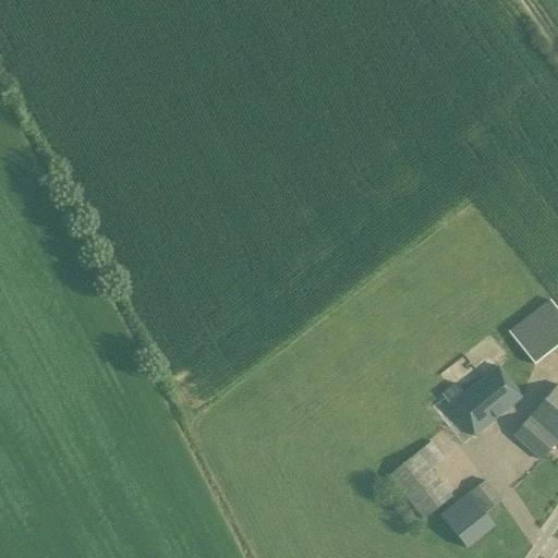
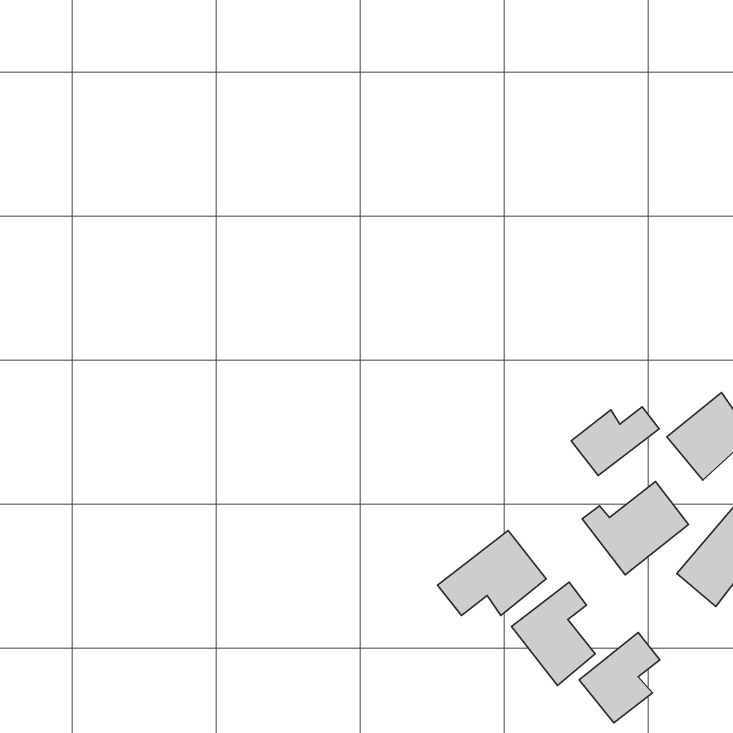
building: none -> [571,407,659,476]
building: none -> [437,530,546,616]

